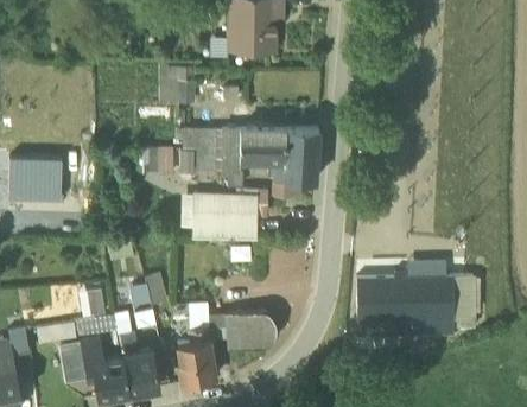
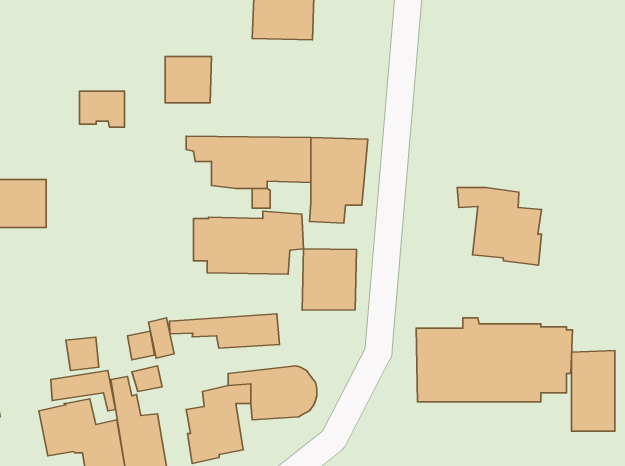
building: [136,146,172,174] -> [80,91,125,127]
building: none -> [457,188,542,265]
building: none -> [302,249,356,310]
building: none -> [169,314,279,348]
building: none -> [572,351,615,431]

